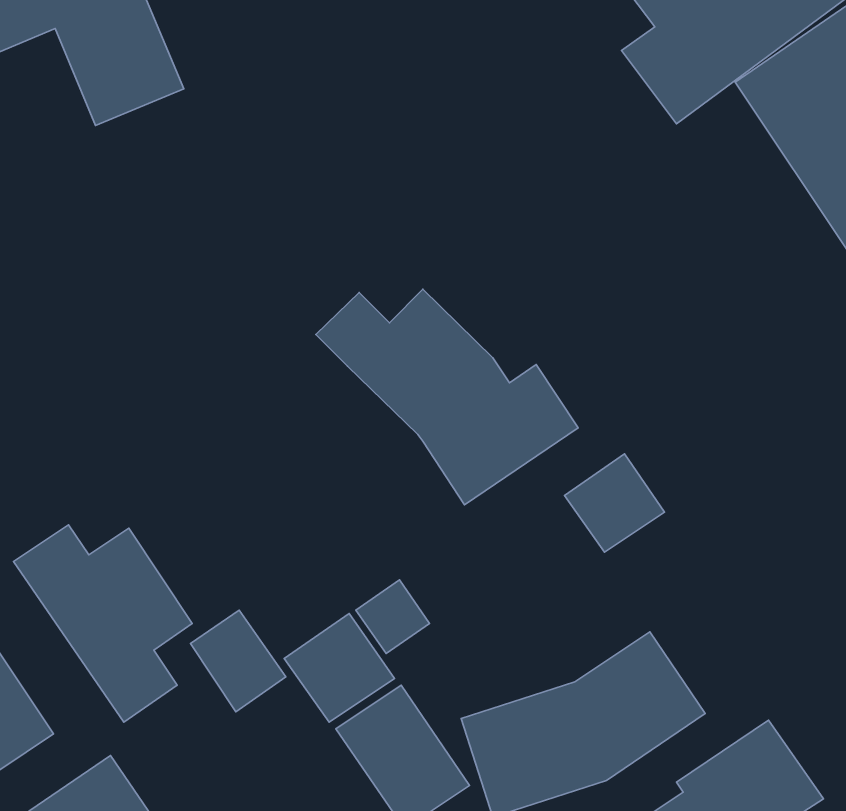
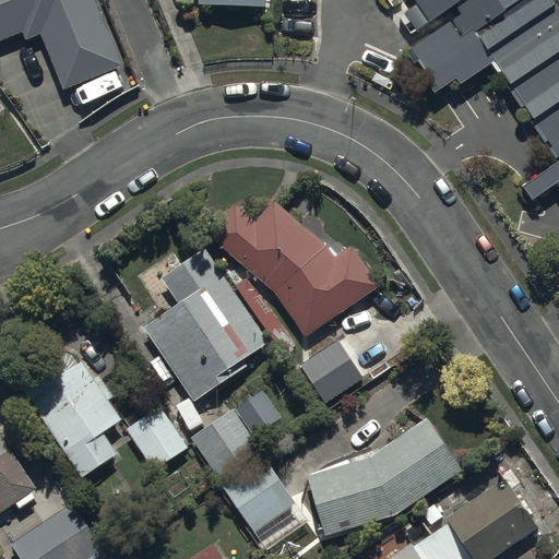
building: none -> [144,247,272,400]
building: [564,454,665,552] -> [298,336,364,401]

